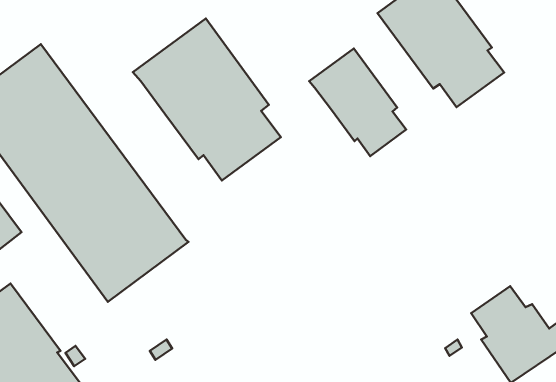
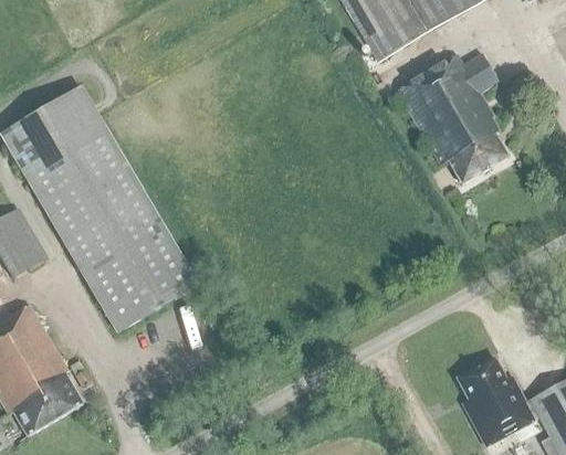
building: [133,19,281,181] -> none
building: [309,48,406,156] -> none

